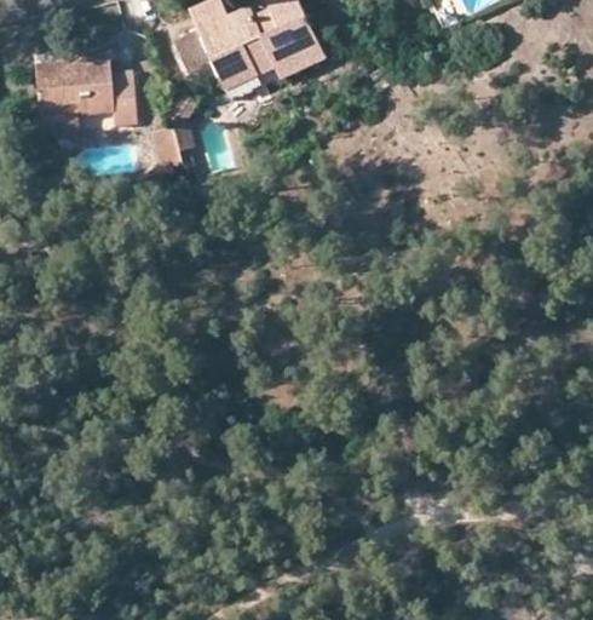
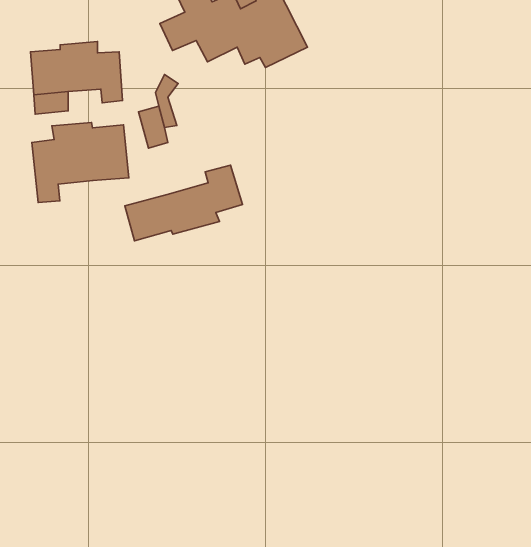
building: none -> [32,122,129,202]
building: none -> [125,165,242,241]

